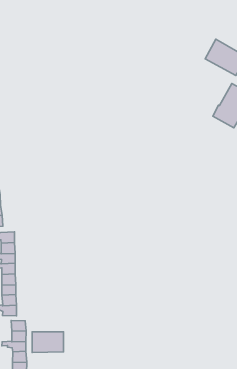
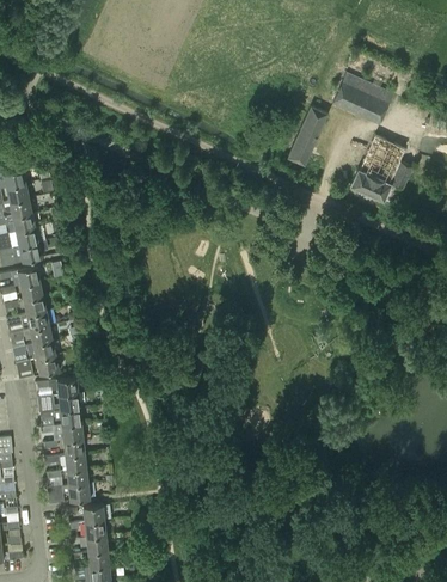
building: none -> [288,108,327,166]
building: [32,332,64,352] -> none

